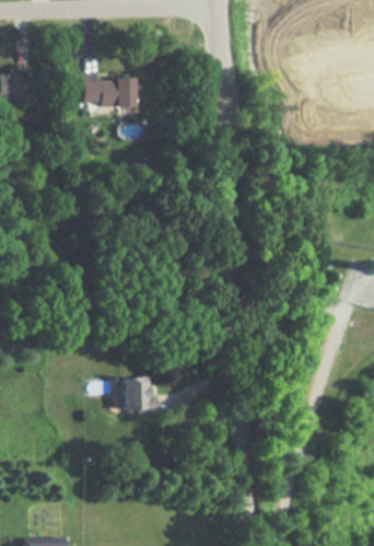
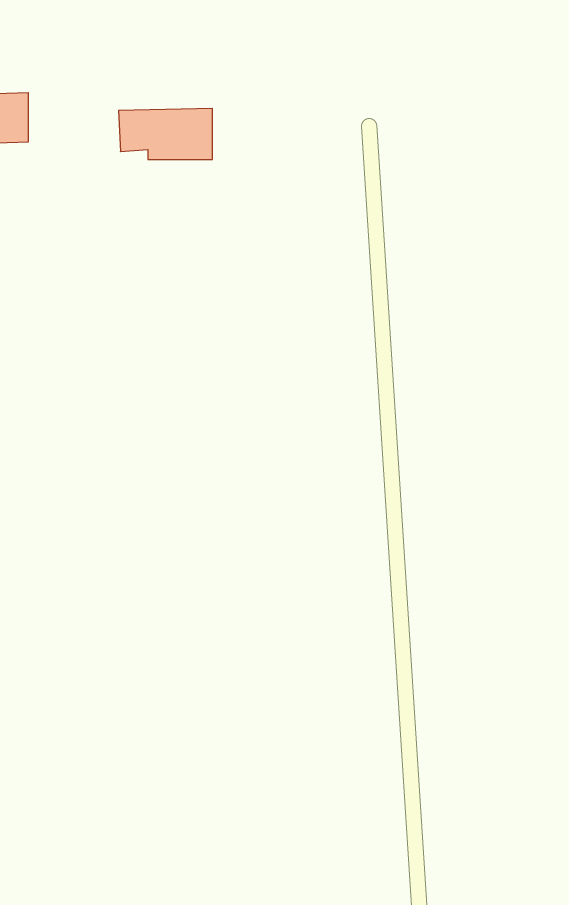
building: [122,376,156,414] -> none

